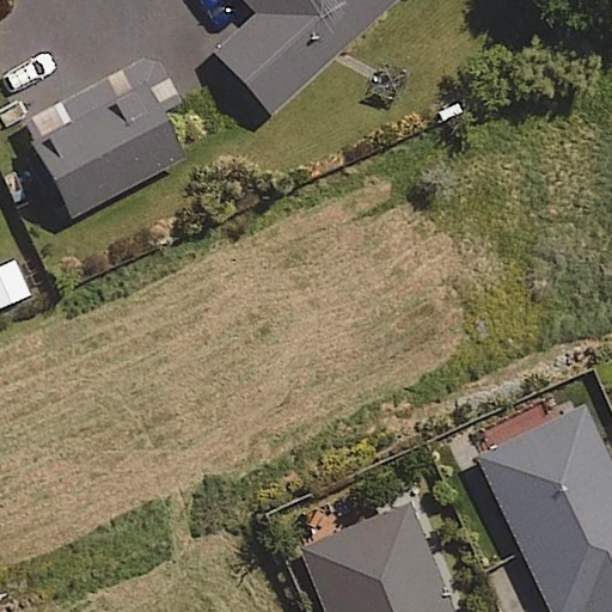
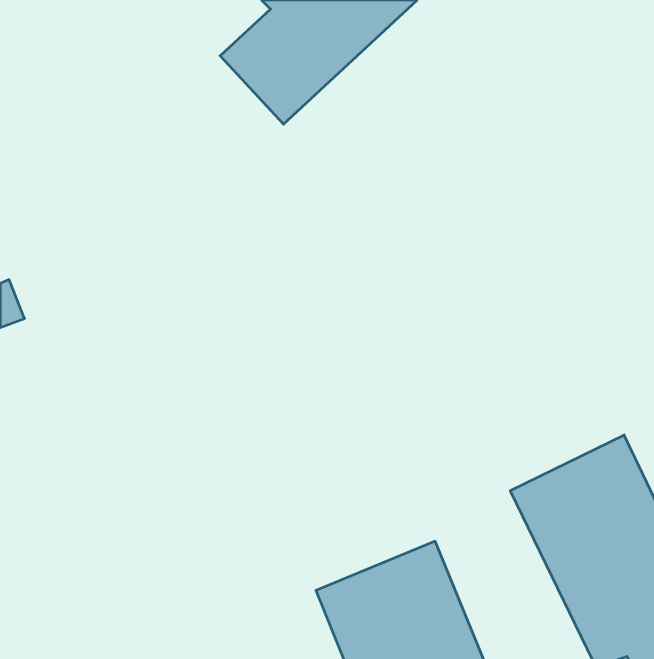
building: [16,61,189,219] -> none

